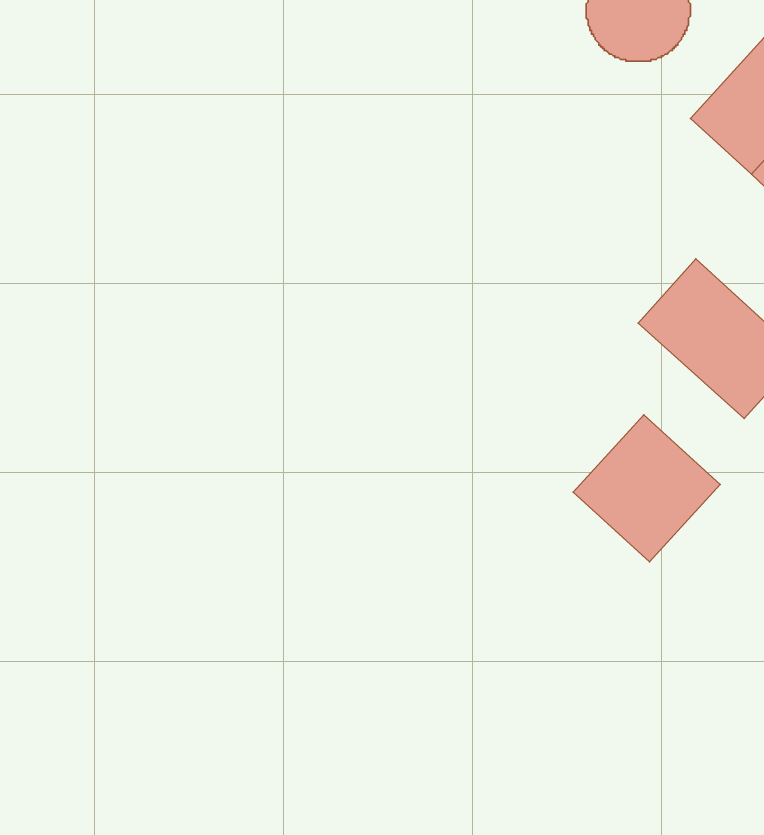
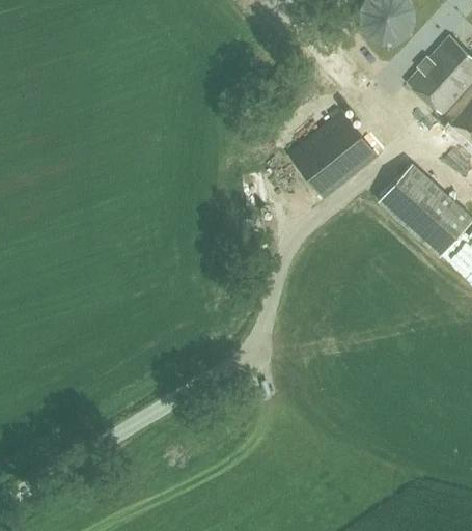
building: none -> [289,110,378,196]
building: [573,415,720,562] -> none

